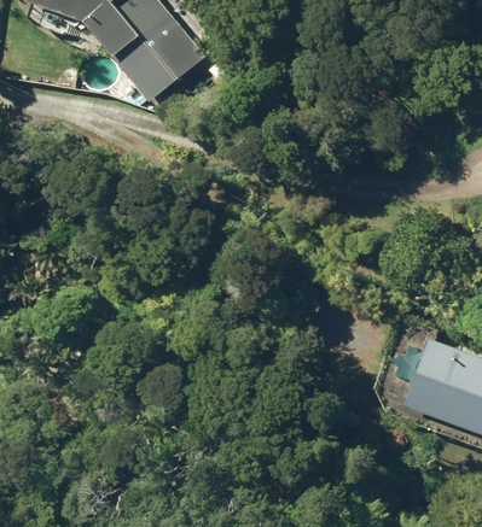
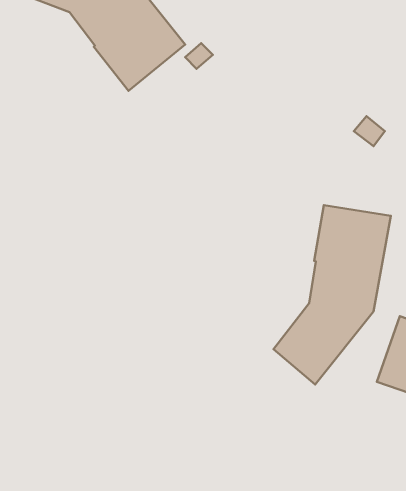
building: none -> [273,205,391,385]

